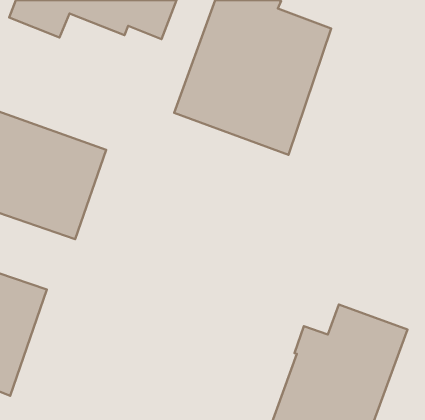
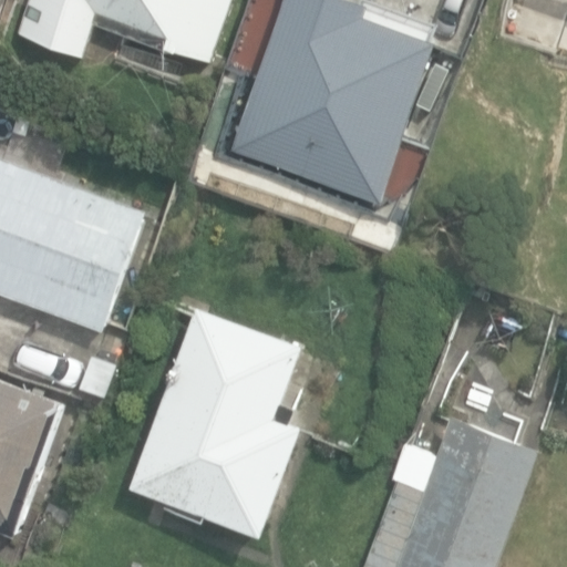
building: none -> [132,307,300,530]

